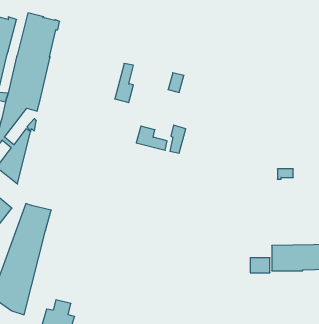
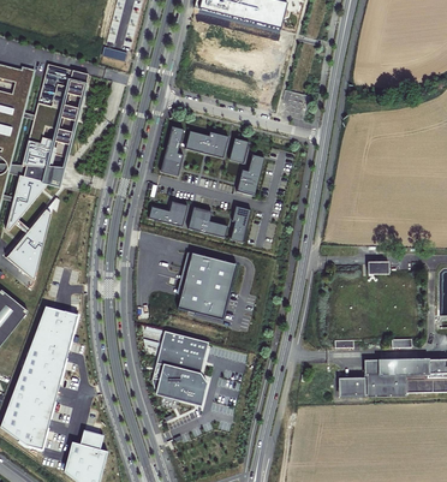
building: none -> [185,130,228,156]
building: none -> [237,153,264,195]
building: none -> [149,200,187,226]
building: none -> [177,250,237,320]
building: none -> [153,329,209,404]

